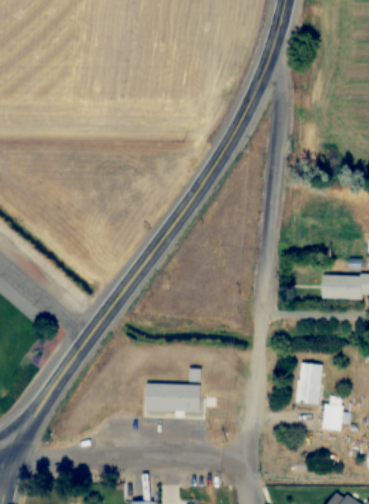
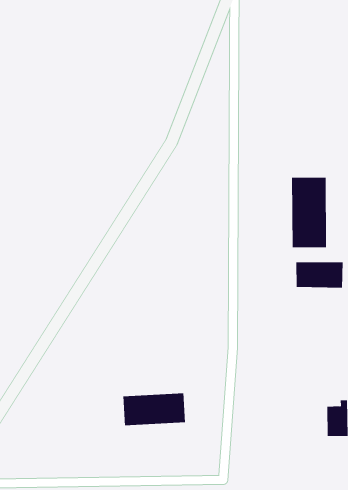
building: none -> [292,177,327,248]
building: [297,362,324,404] -> none

